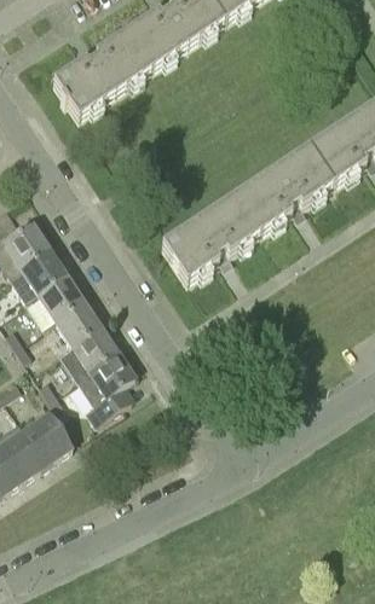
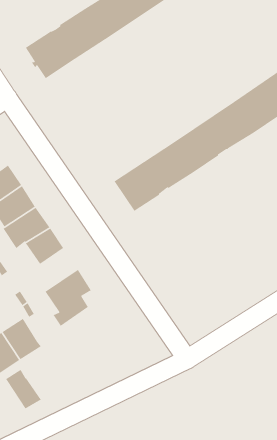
building: [59,327,117,381] -> none
building: none -> [5,369,42,410]

